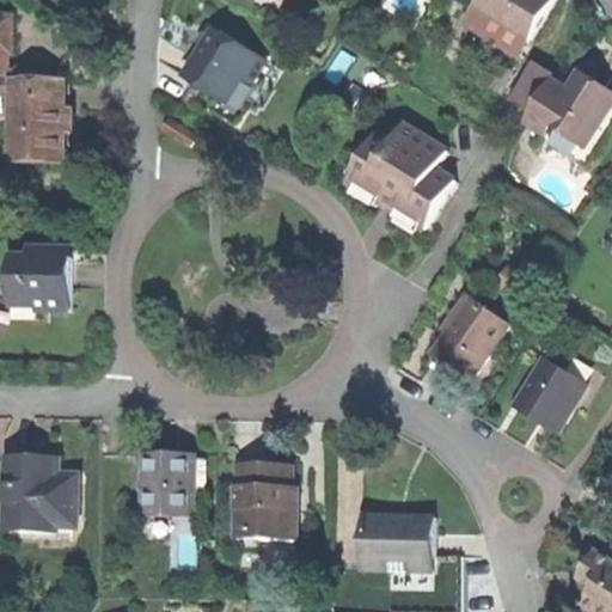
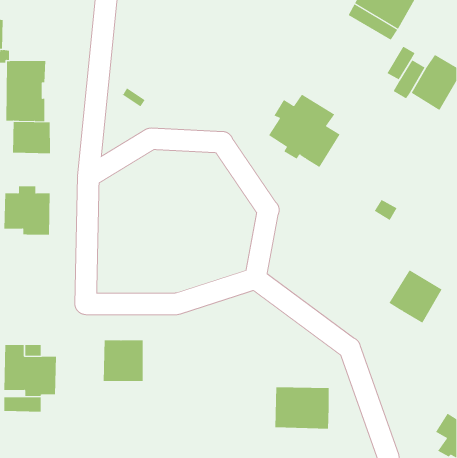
building: [180,25,263,102] -> none
building: none -> [13,121,50,154]
building: [433,299,506,377] -> none
building: [234,460,295,536] -> none

